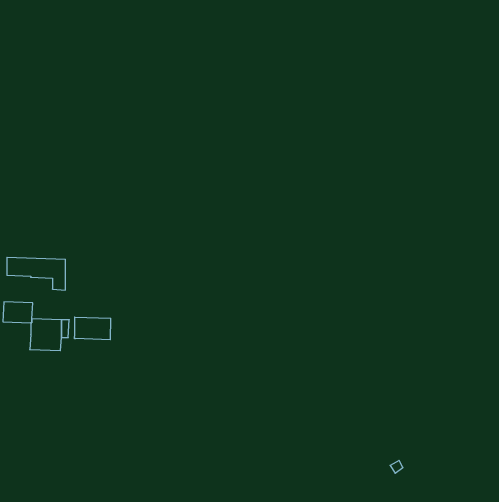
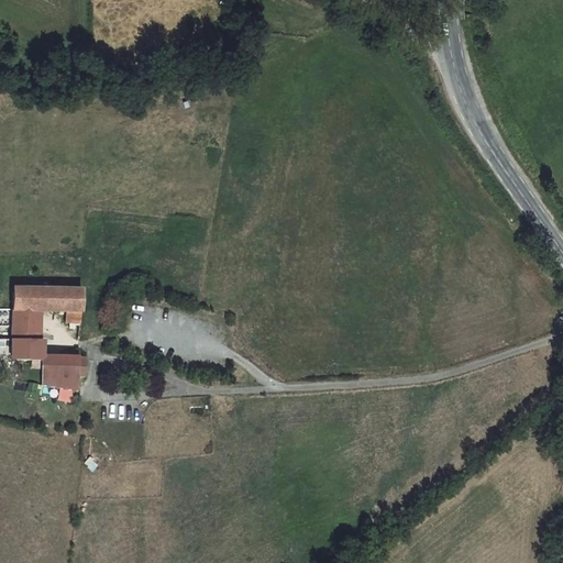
building: none -> [12,306,45,336]
building: [74,317,111,340] -> none

